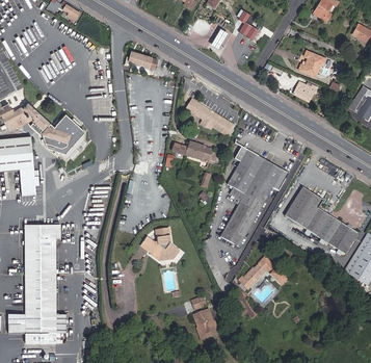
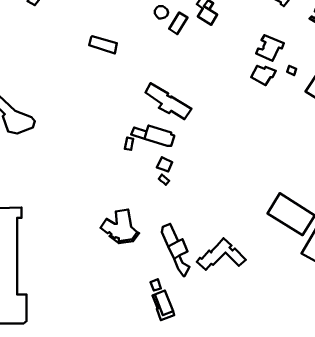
building: [220,146,289,247] -> none
building: [285,187,322,231] -> none

